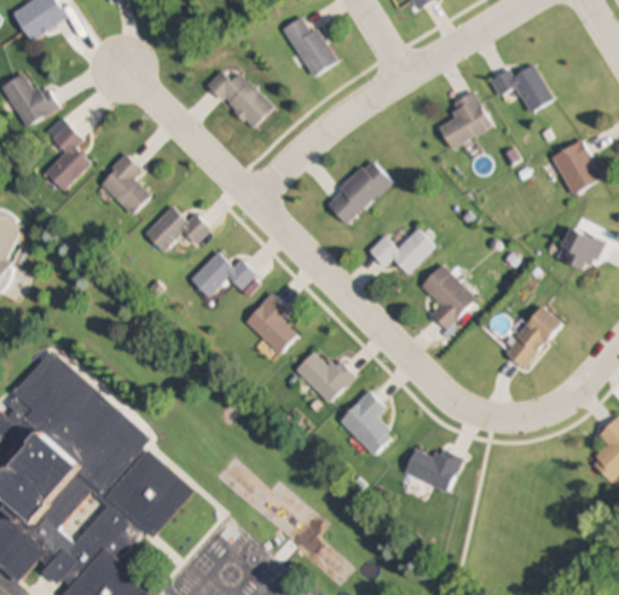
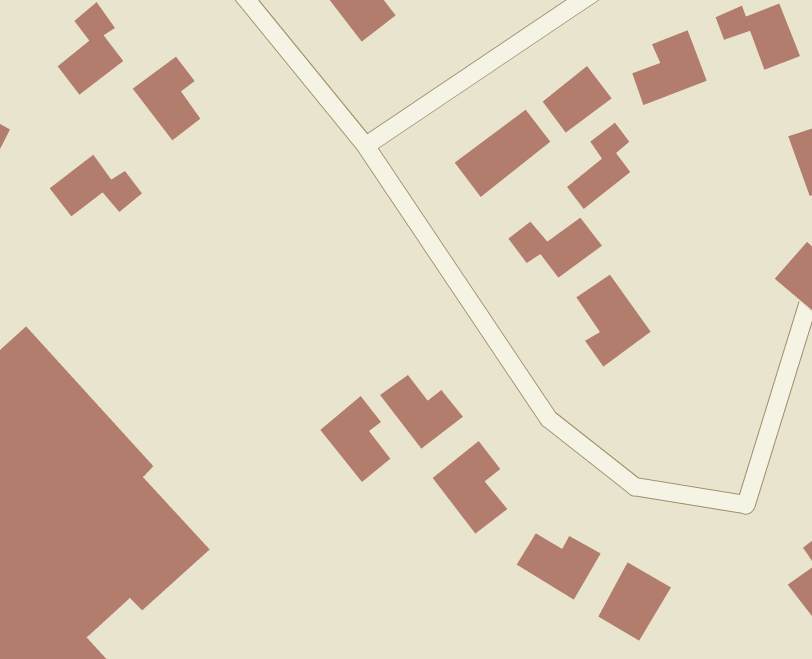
building: none -> [541,65,613,134]
building: none -> [566,122,632,210]
building: [144,206,209,252] -> [48,153,143,218]
building: [190,252,255,296] -> none
building: [245,293,297,353] -> [319,395,391,483]
building: [503,306,562,369] -> none
building: none -> [597,561,672,642]

